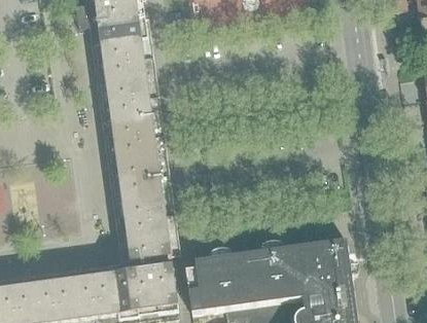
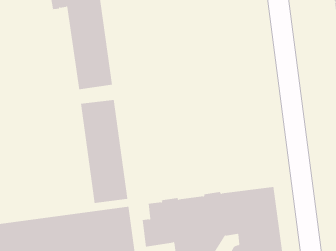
building: [111,115,154,138] -> none

